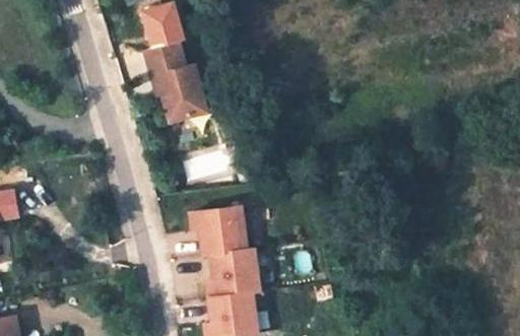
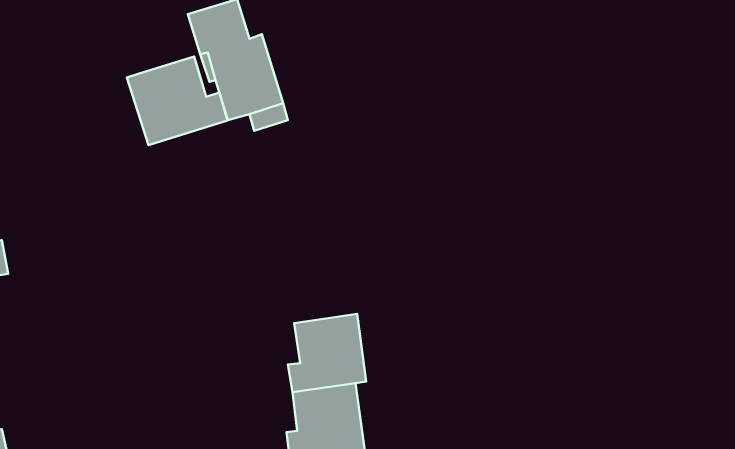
building: none -> [127,56,227,145]
building: [187,201,243,251] -> none

